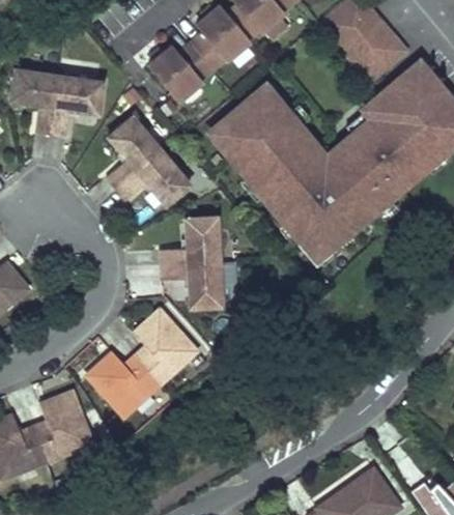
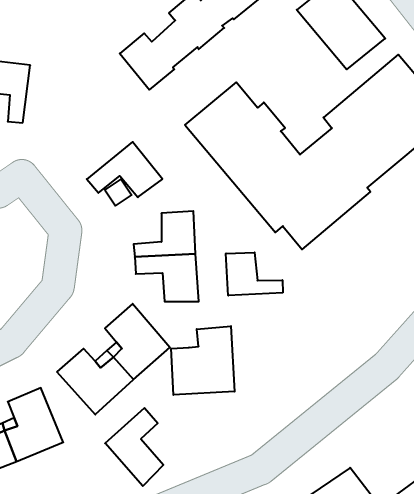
building: [54,77,105,135] -> none
building: [107,115,161,188] -> none
building: none -> [226,252,283,296]
building: none -> [171,326,235,395]
building: none -> [105,408,163,486]

